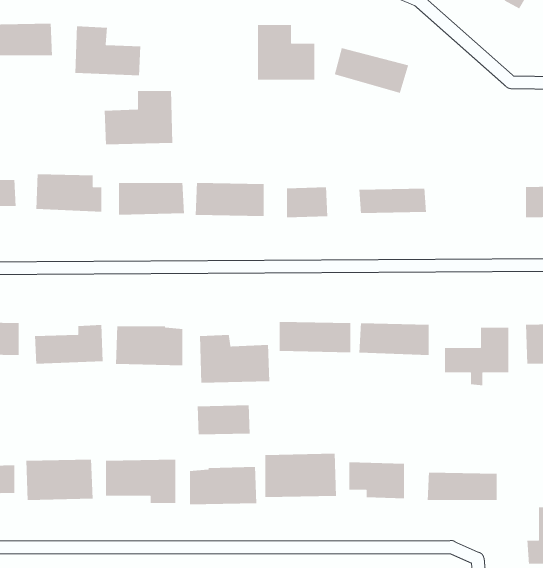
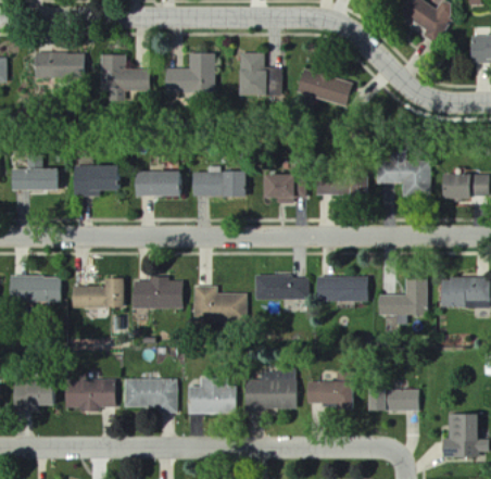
building: [104,90,173,145] -> [163,52,215,93]
building: none -> [375,160,430,198]
building: [197,405,251,435] -> none

